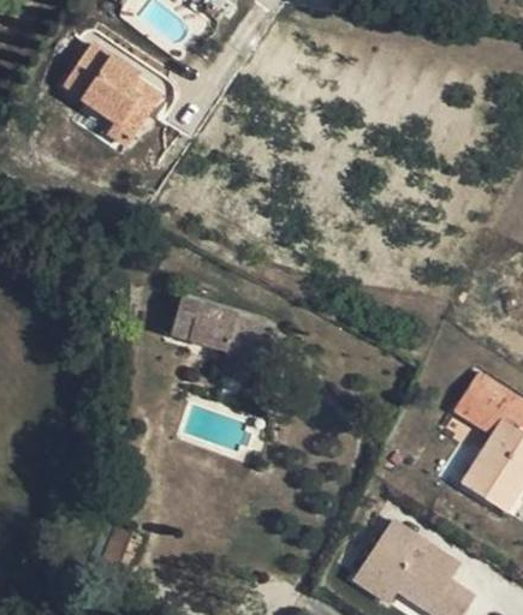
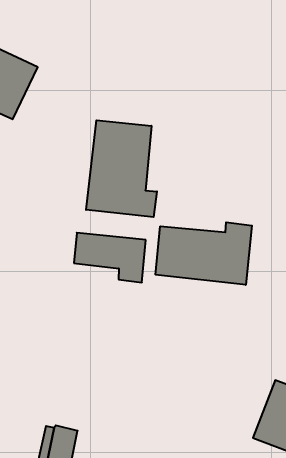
building: none -> [86,120,157,217]
building: none -> [156,222,252,285]

